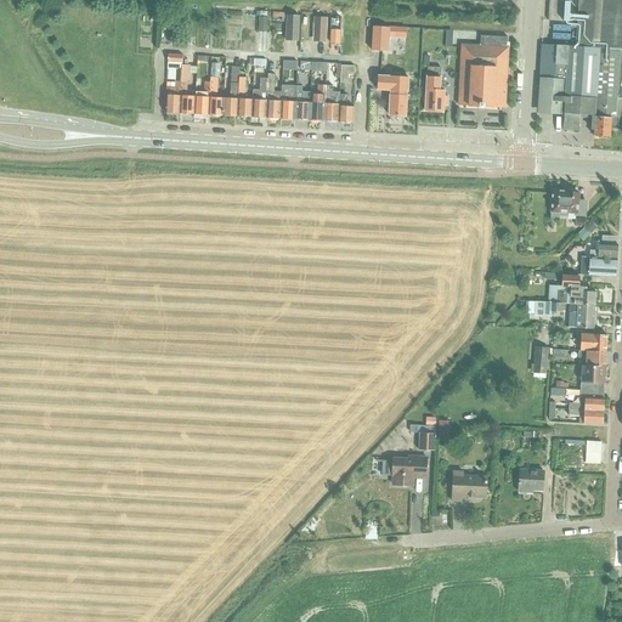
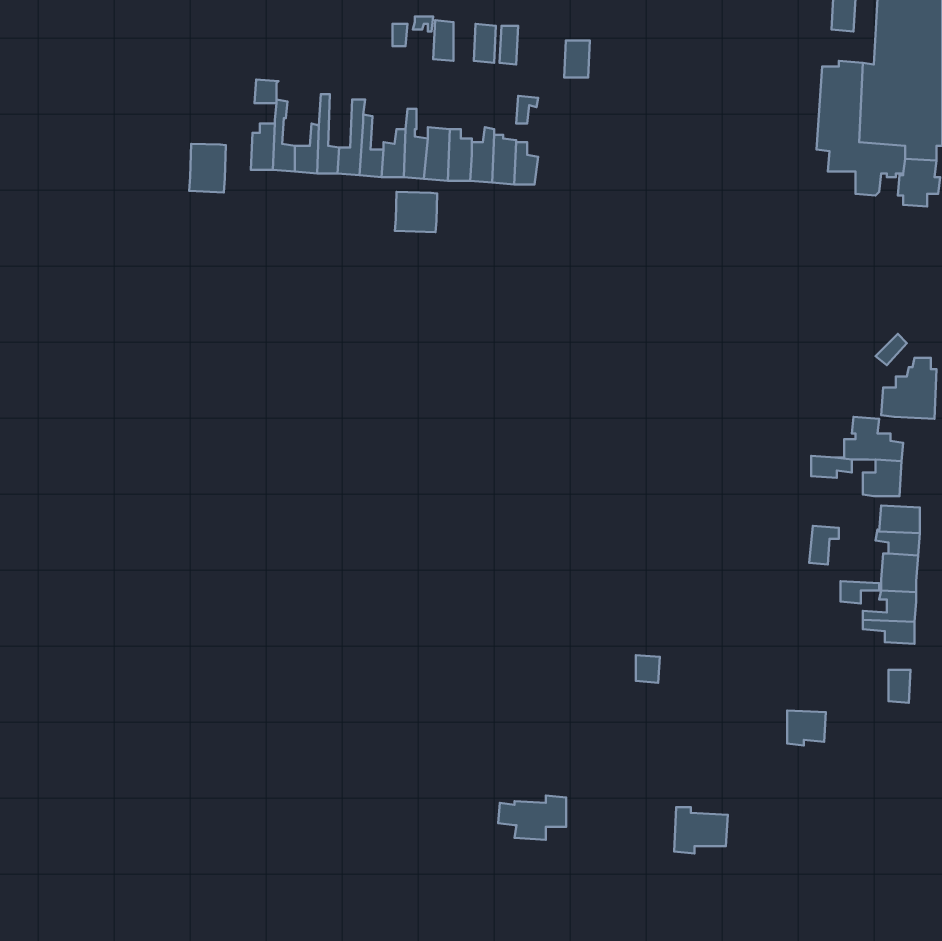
building: [458,34,508,106] -> none
building: [425,66,448,111] -> none
building: [377,75,408,115] -> none
building: none -> [189,144,226,192]
building: none -> [395,192,437,232]
building: [552,190,587,219] -> none
building: [381,456,426,485] -> [498,796,566,840]
building: [452,470,487,501] -> [674,807,728,853]

